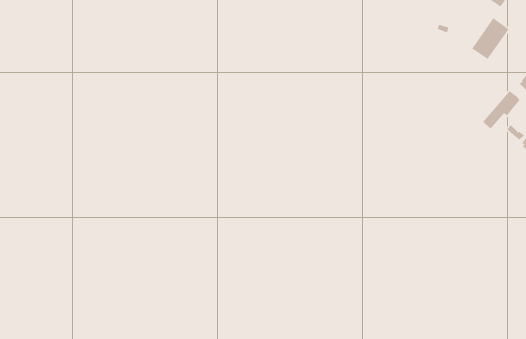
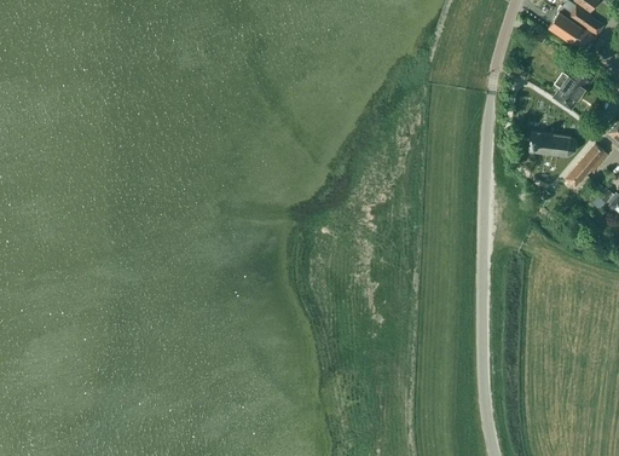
building: none -> [528,132,577,156]

